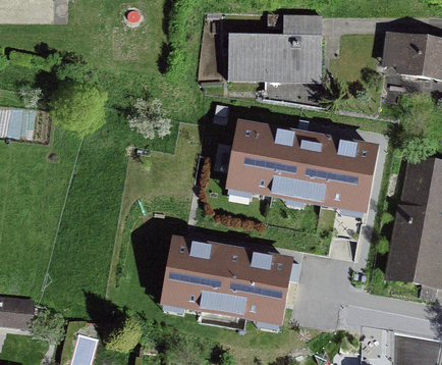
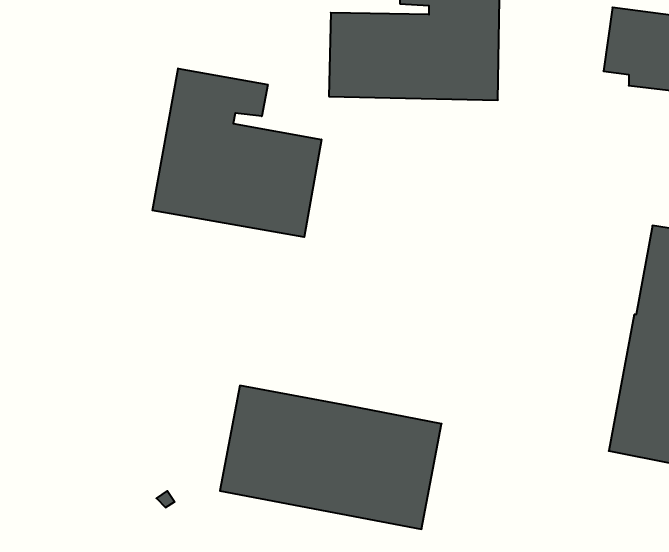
building: none -> [152,68,321,237]
building: [230,126,375,211] -> none

